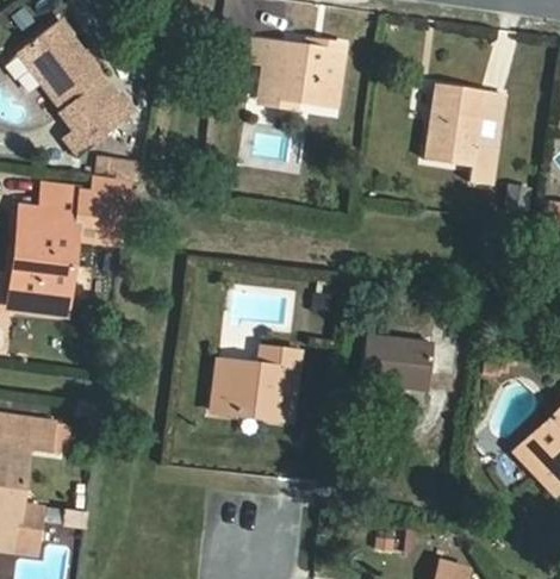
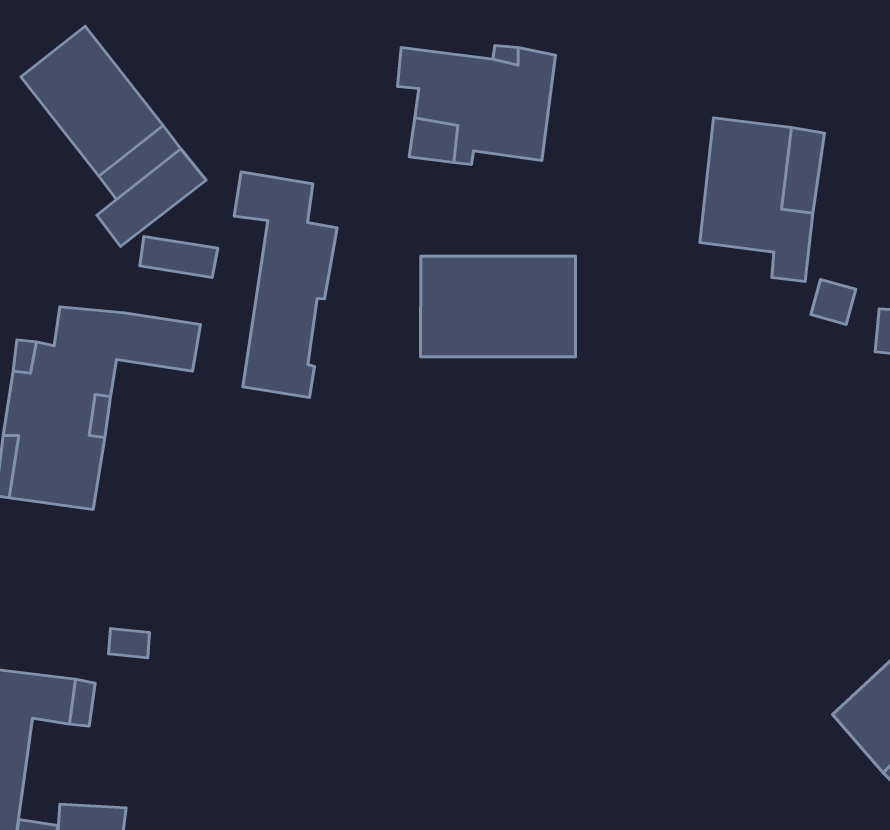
building: none -> [234,172,337,397]
building: none -> [420,256,576,357]
building: [357,336,430,390] -> none
building: [209,345,301,422] -> none

